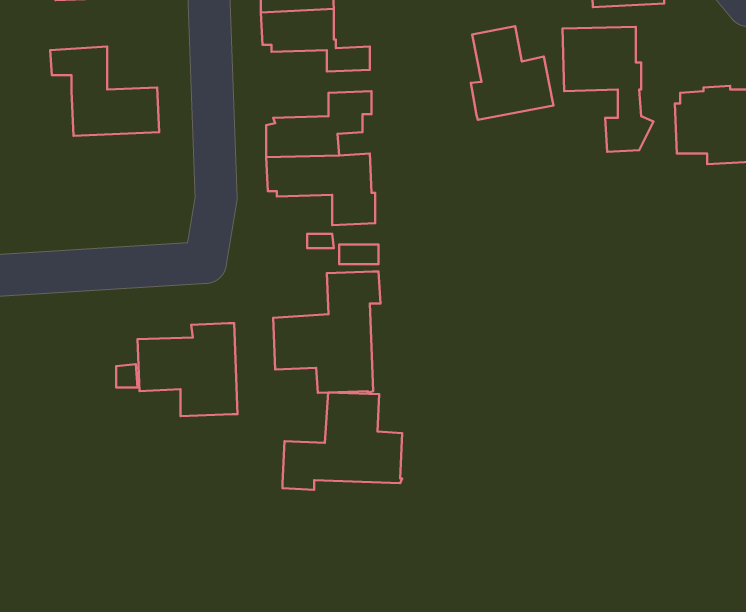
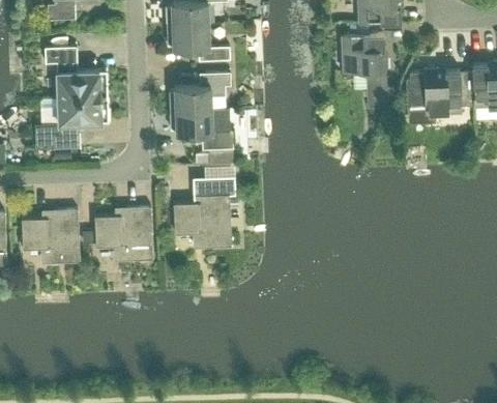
building: [471,26,554,120] -> none
building: none -> [51,96,108,149]
building: none -> [21,209,79,263]
building: [283,392,402,490] -> none

